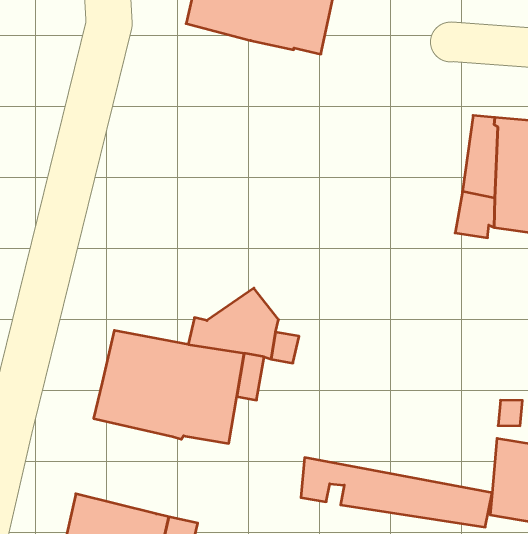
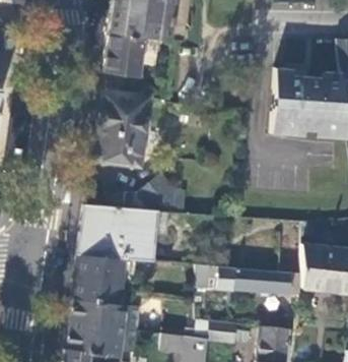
building: none -> [103,32,146,76]
building: none -> [91,90,151,167]
building: none -> [72,255,123,305]

